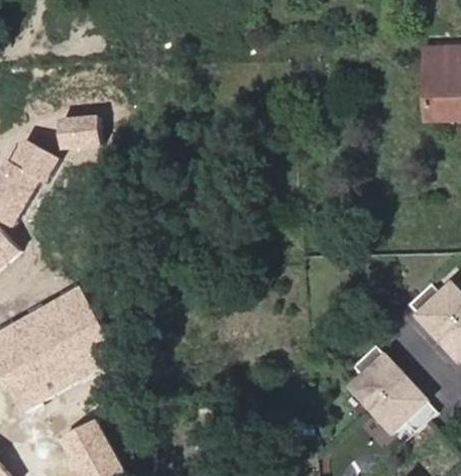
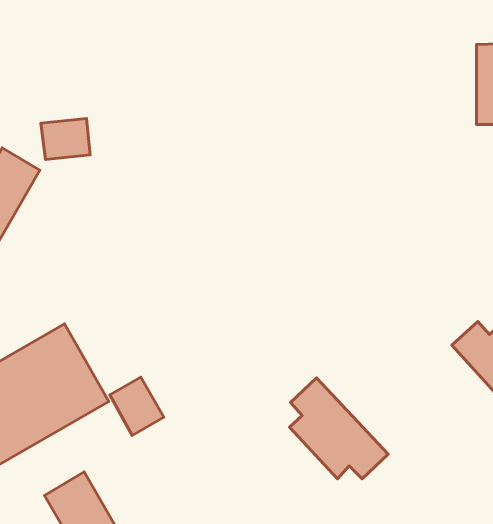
building: none -> [110,377,164,435]
building: [353,348,438,435] -> [289,378,388,479]

